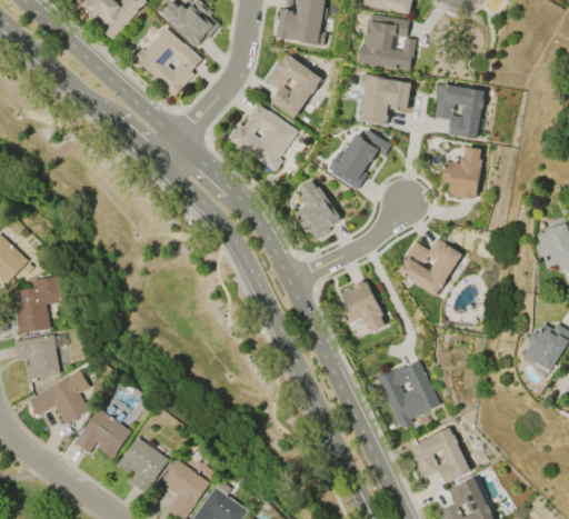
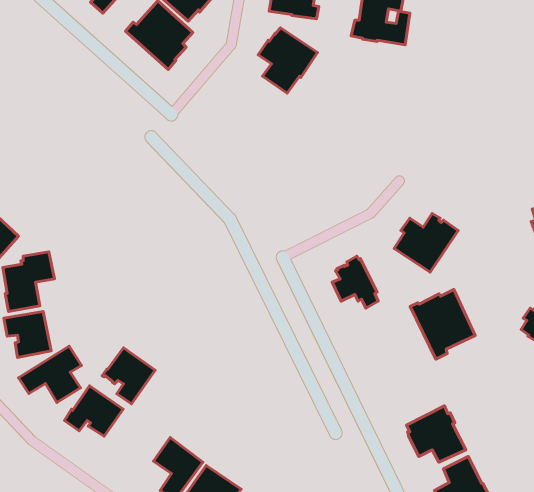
building: [359,73,411,124] -> none
building: [433,83,483,139] -> none
building: [227,103,297,172] -> none
building: [331,129,391,189] -> none
building: [440,147,481,199] -> none
building: [292,180,341,240] -> none
building: [375,360,439,429] -> [410,289,475,359]
building: [116,438,168,493] -> [102,348,155,404]

